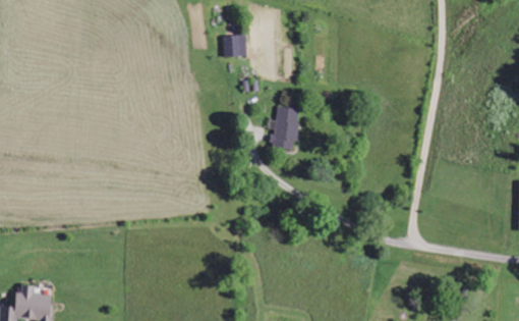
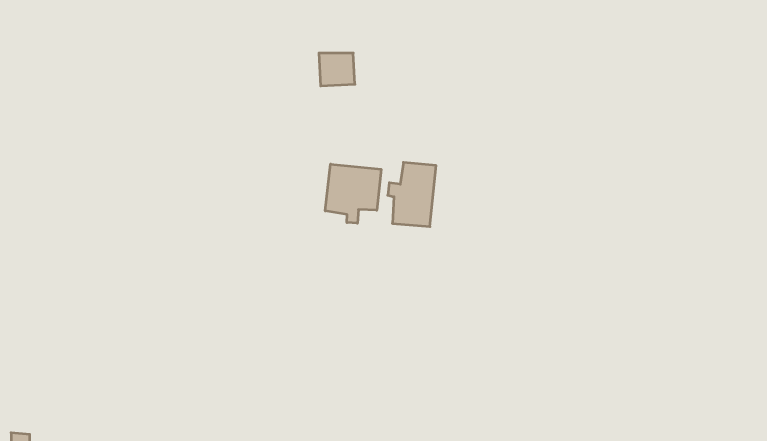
building: none -> [325,164,381,223]

